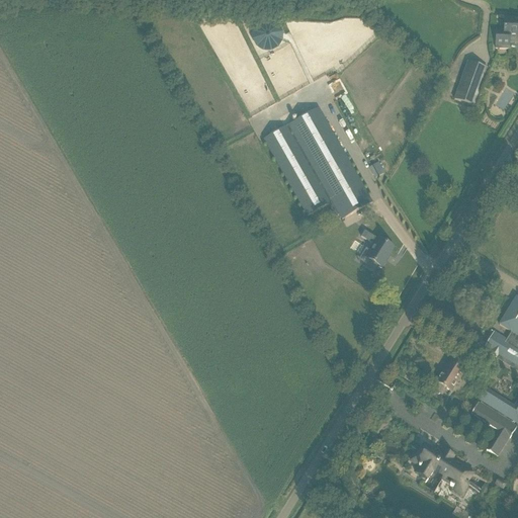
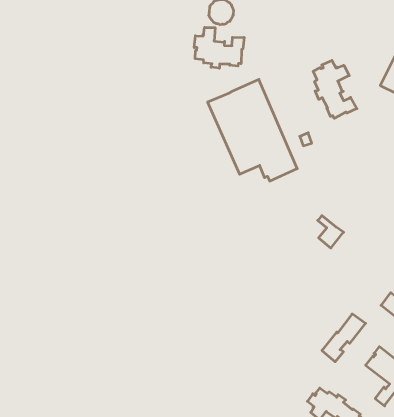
building: none -> [194,27,244,68]
building: none -> [313,60,357,118]
building: [363,230,394,265] -> [318,216,344,248]

